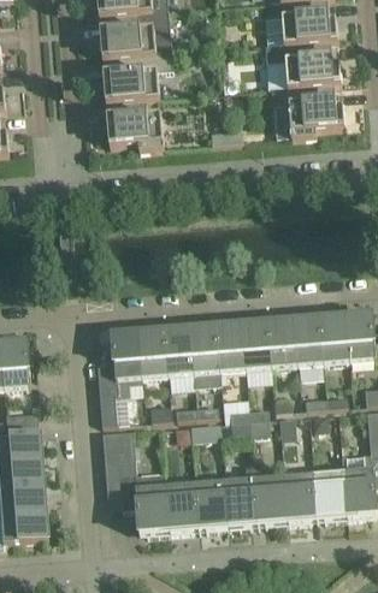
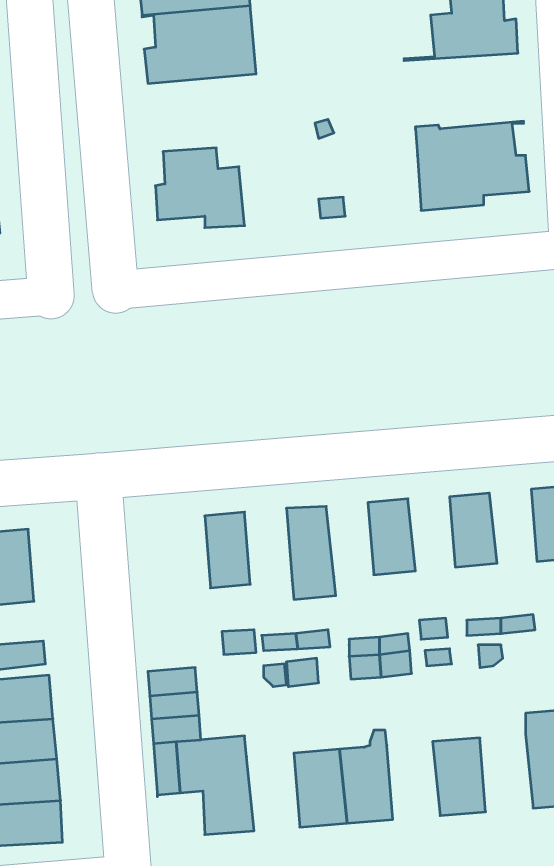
building: [264,37,339,85] -> none
building: [101,51,171,100] -> none
building: [318,314,348,361] -> none
building: [266,319,296,366] -> none
building: [214,322,244,369] -> none
building: [163,326,193,374] -> none
building: [95,331,141,422] -> none
building: [252,465,287,523] -> none
building: [312,469,345,518] -> none
building: [164,481,197,530] -> none

